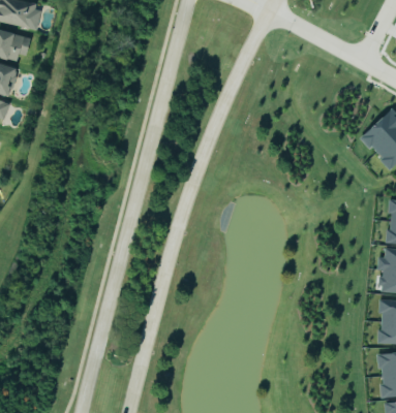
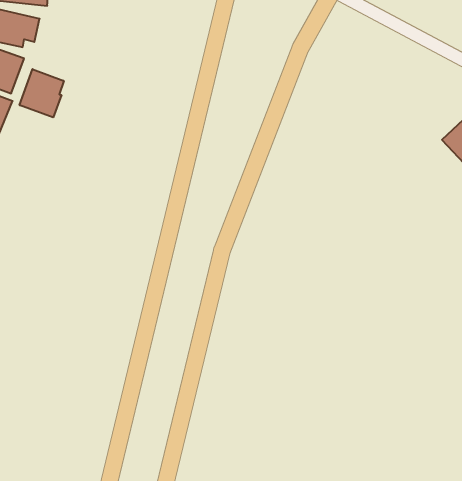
building: none -> [20,69,64,117]

